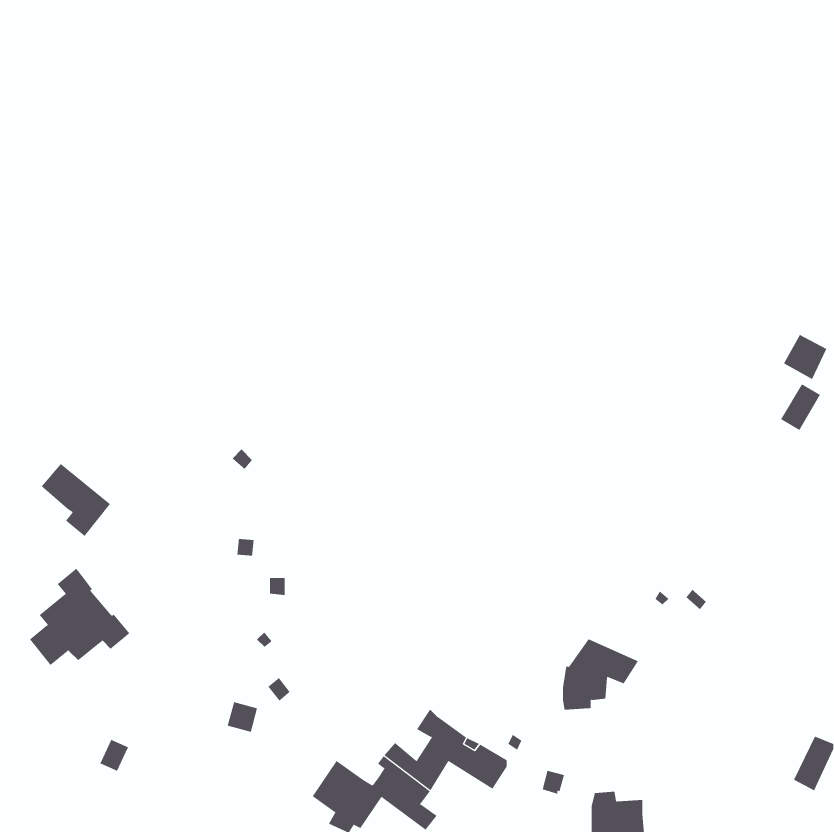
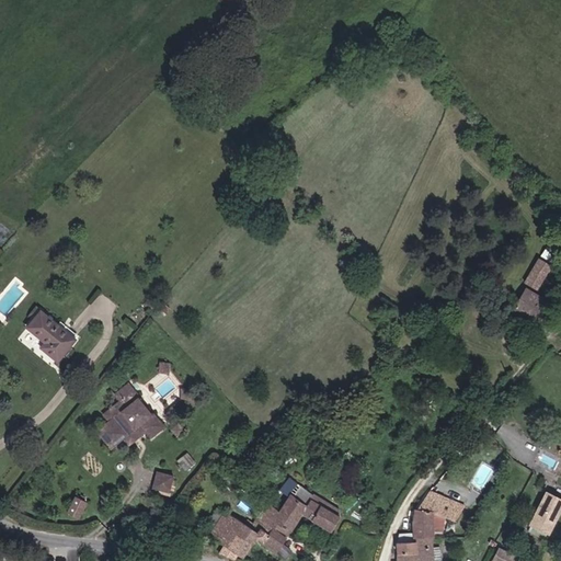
building: [783,334,827,380] -> [515,290,545,321]
building: [29,568,130,666] -> [96,383,164,449]
building: [562,638,639,710] -> [413,491,465,539]

